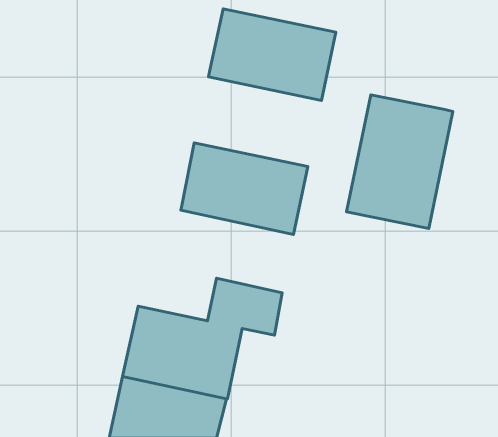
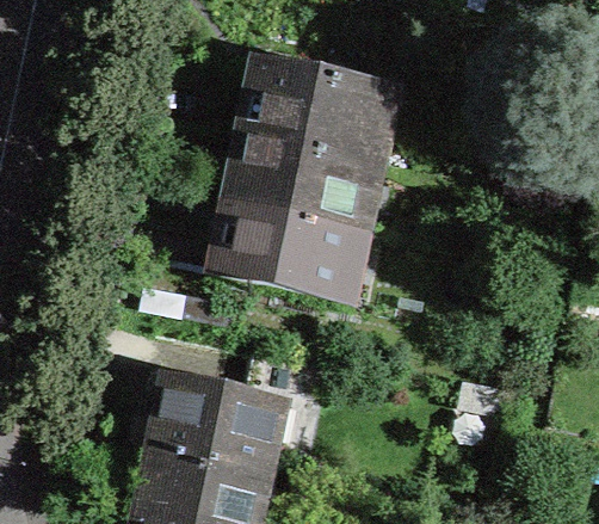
building: none -> [234,132,370,228]
building: [347,95,453,228] -> none

